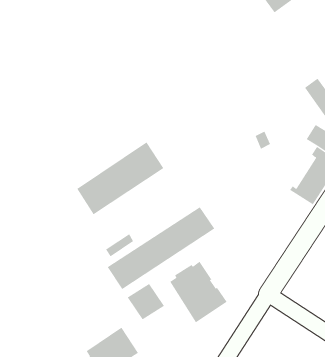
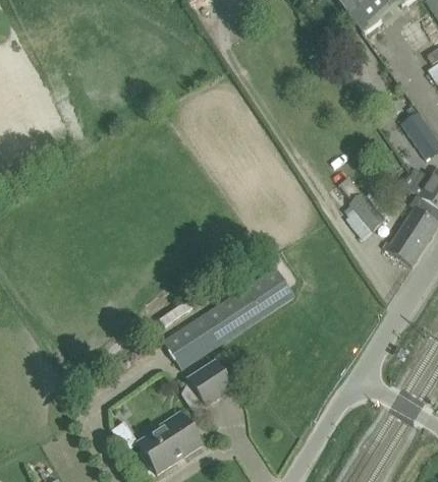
building: [76,141,164,215] -> none
building: none -> [350,192,385,229]
building: [169,261,227,323] -> none

